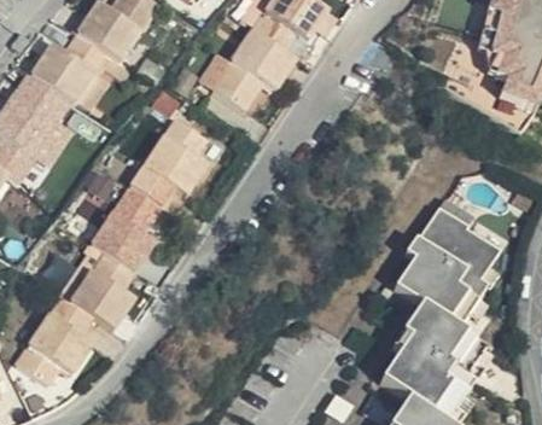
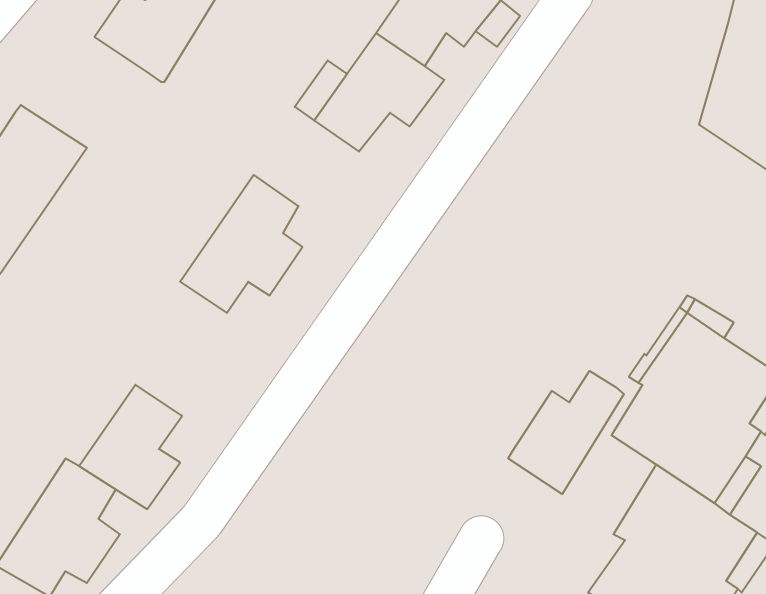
building: [29,35,107,107] -> none
building: [89,187,157,270] -> none
building: none -> [508,371,624,494]

